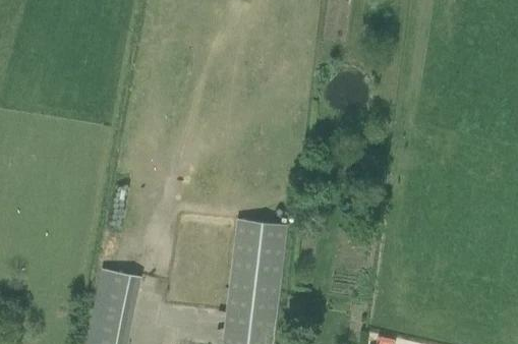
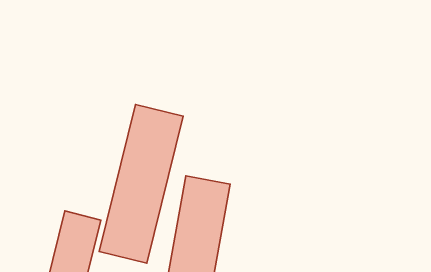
building: none -> [99,105,183,263]

